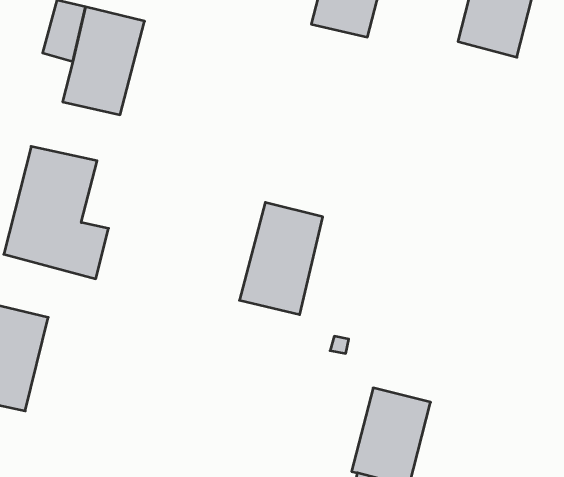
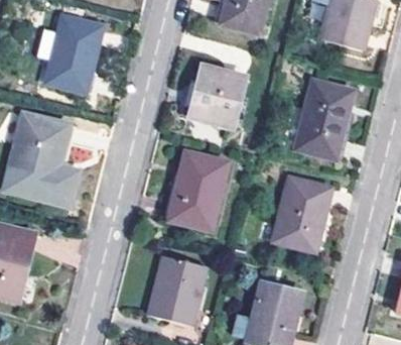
building: none -> [188,66,246,128]
building: none -> [296,81,354,158]
building: none -> [272,178,331,252]
building: none -> [149,257,207,327]

